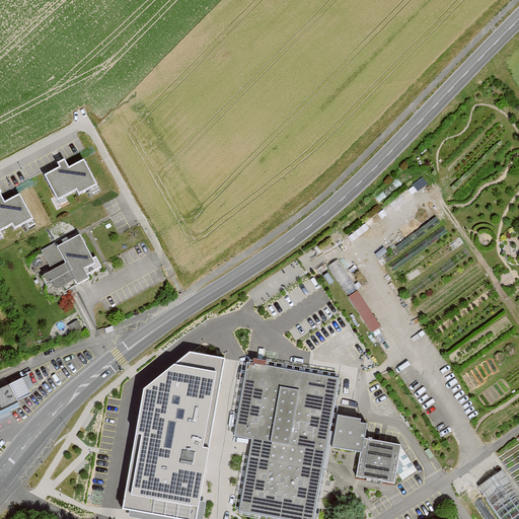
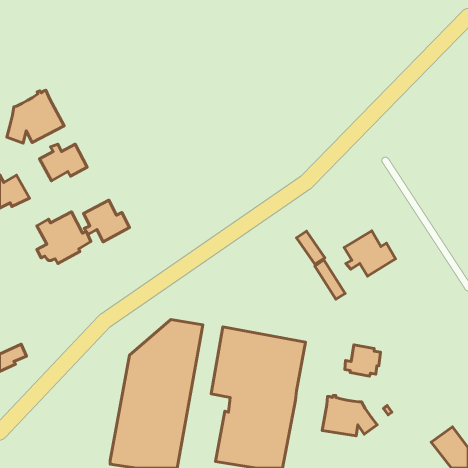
building: none -> [7,90,64,143]
building: none -> [83,200,129,242]
building: none -> [344,231,396,276]
building: [326,415,366,449] -> [345,345,381,376]

